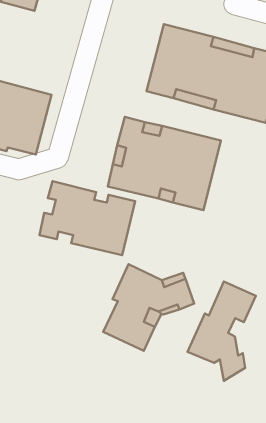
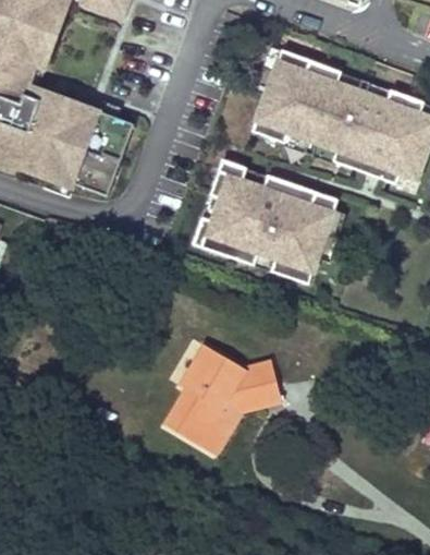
building: [40,181,135,255] -> none
building: [187,282,256,381] -> none

